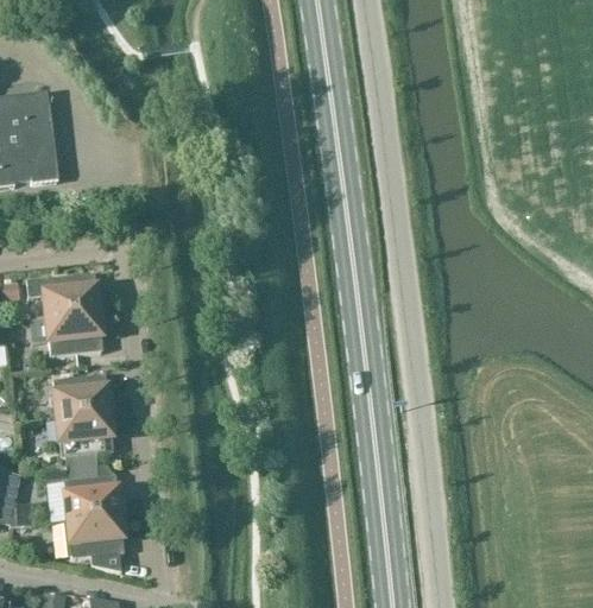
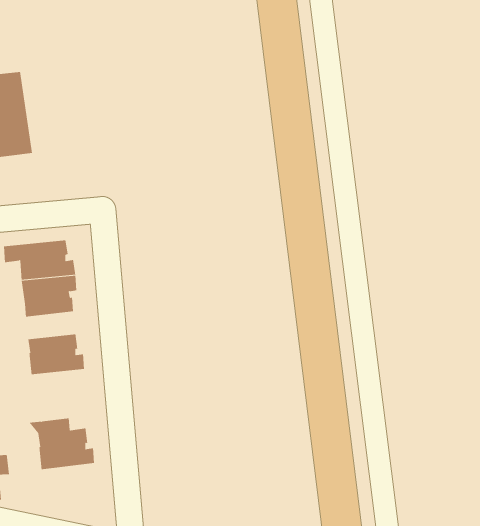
building: [56,411,116,467] -> none
building: [59,512,127,570] -> none

